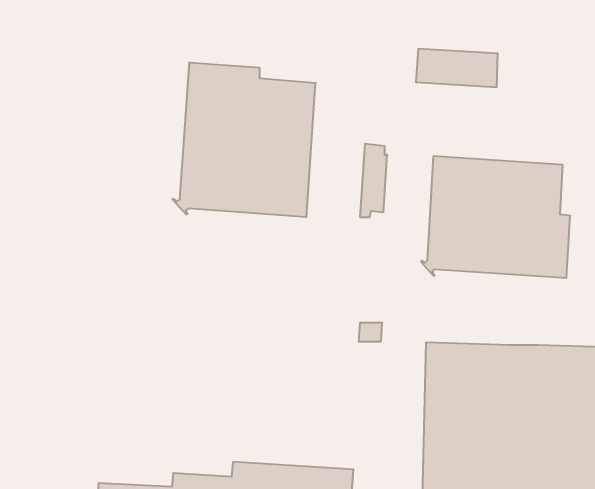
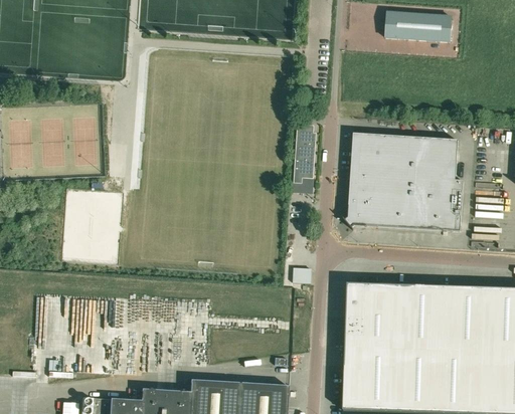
building: [416,49,498,87] -> [385,11,452,42]
building: [173,62,315,217] -> none

